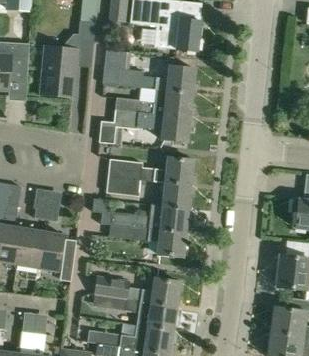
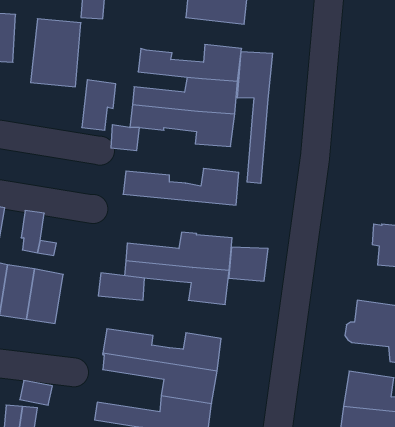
building: [102,49,127,86] -> [82,80,116,130]
building: none -> [238,52,273,183]
building: [106,176,140,196] -> [98,273,144,300]
building: [162,183,191,208] -> [229,247,268,281]

